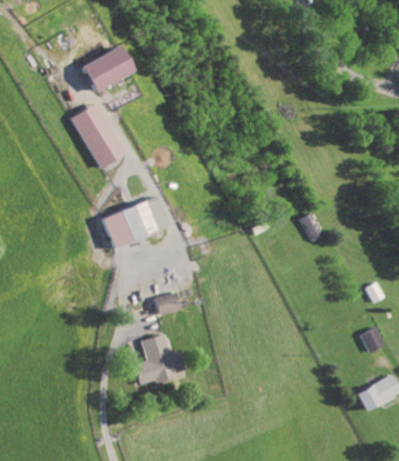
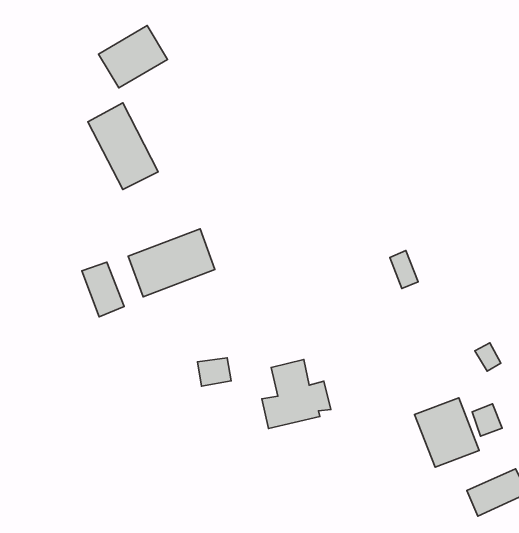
building: none -> [82,262,124,317]
building: none -> [415,398,479,467]
building: [136,335,187,386] -> [262,359,331,429]

